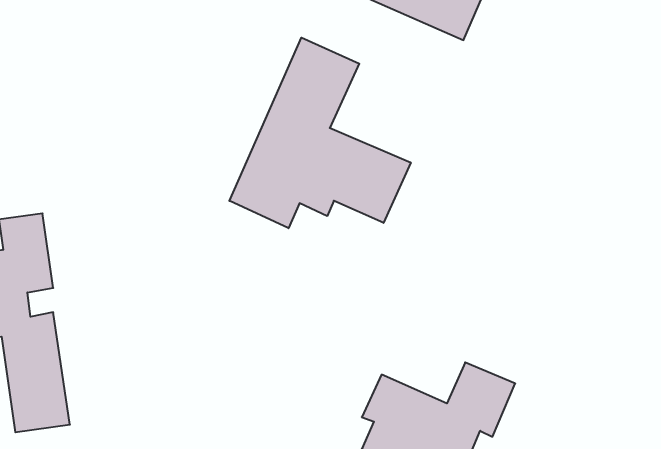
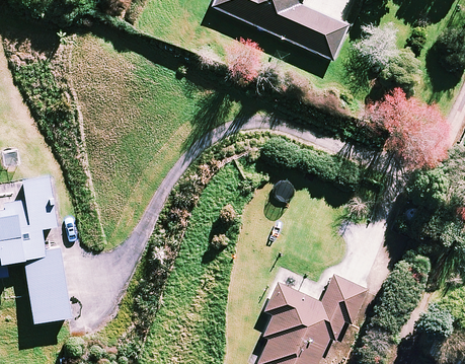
building: [229,38,411,228] -> none

